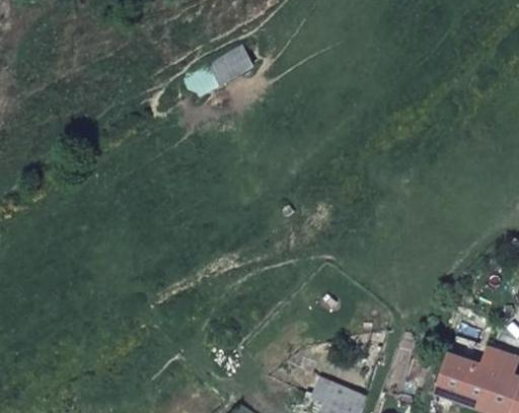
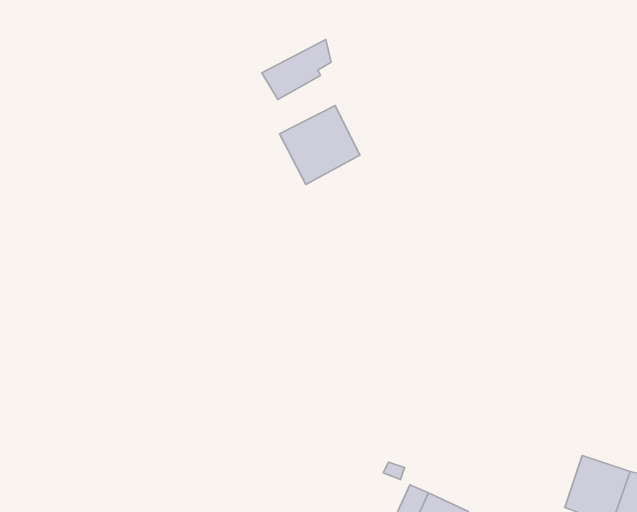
building: none -> [279,106,360,184]

